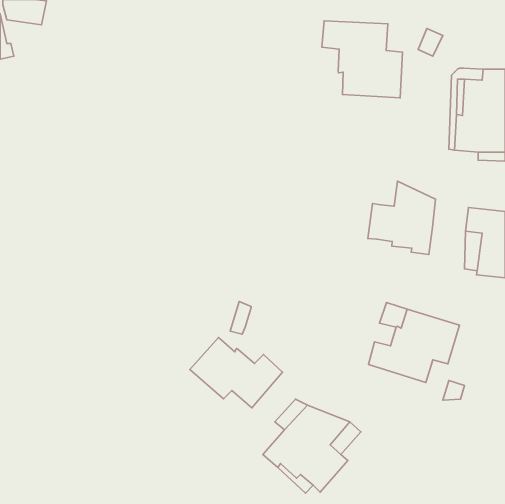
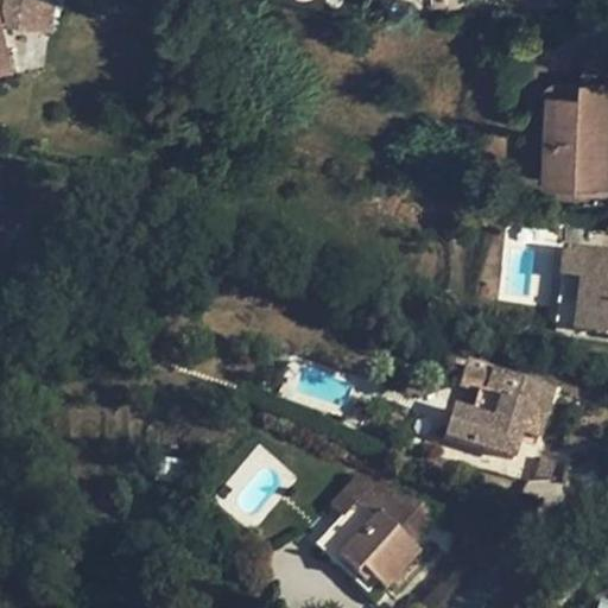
building: [322,21,402,98] -> none
building: [368,181,435,255] -> none
building: [190,337,283,408] -> none

